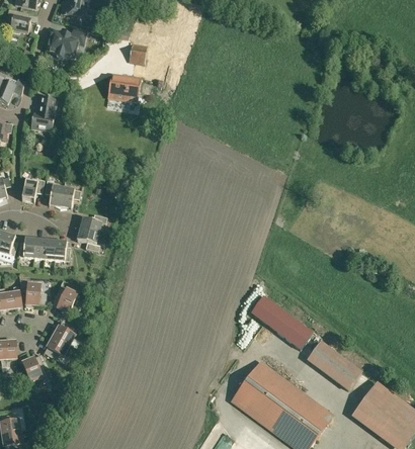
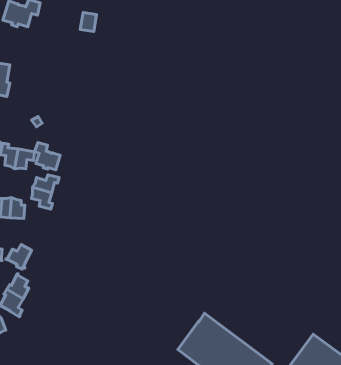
building: [107,72,141,104] -> none
building: none -> [34,143,60,170]
building: [250,295,312,348] -> none
building: [308,340,361,388] -> none

